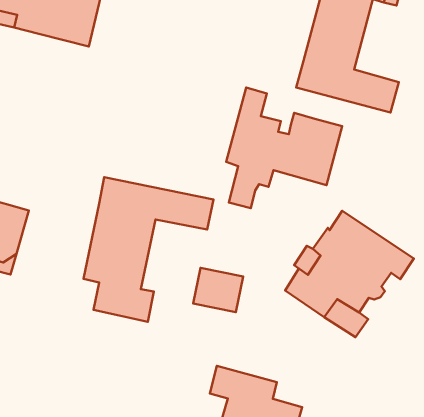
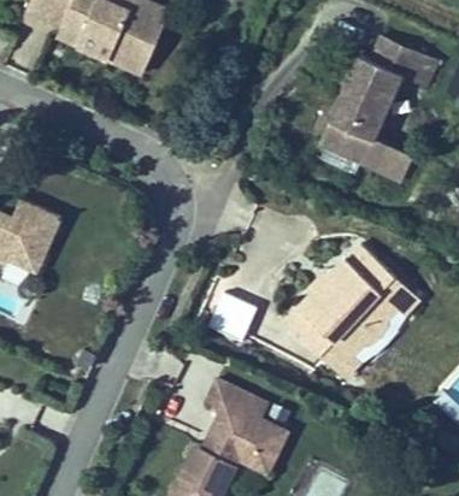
building: [226,88,342,208] -> none
building: [84,177,214,322] -> none

